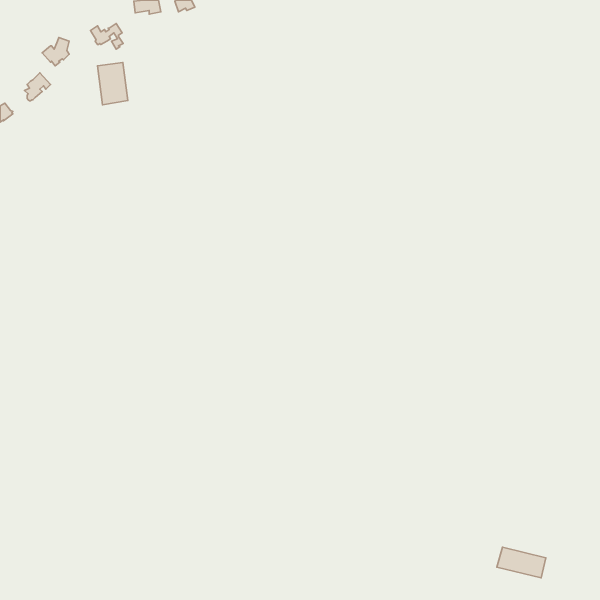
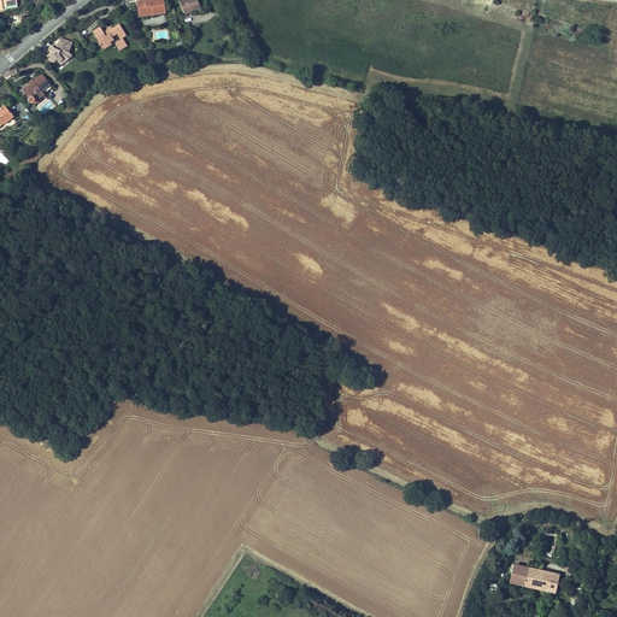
building: [98,63,128,105] -> none

